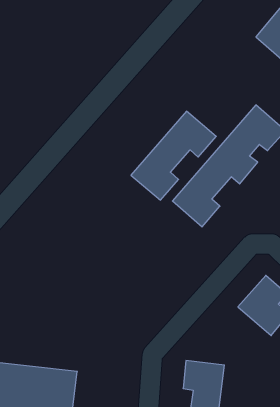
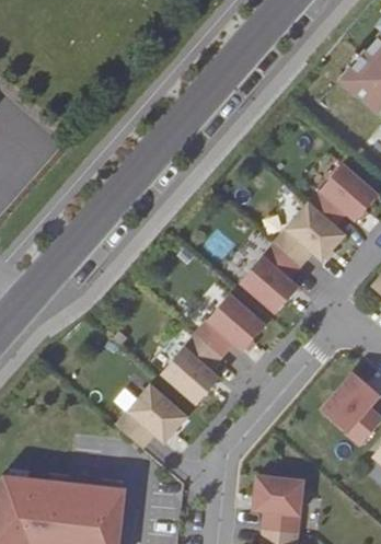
building: [131,111,216,200] -> [162,294,266,403]
building: none -> [117,385,186,447]

